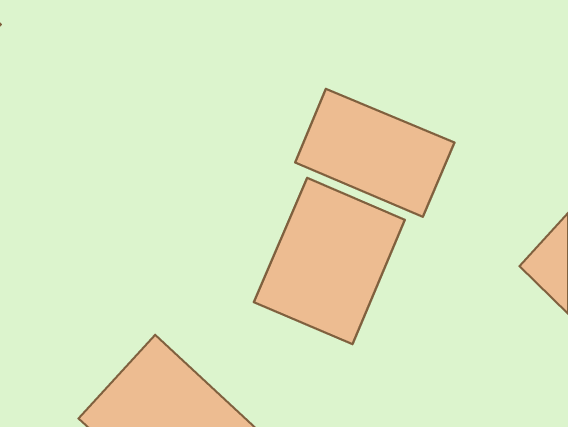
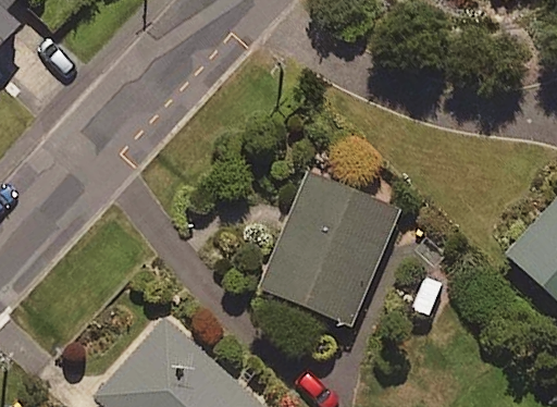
building: [295,89,454,217] -> none

